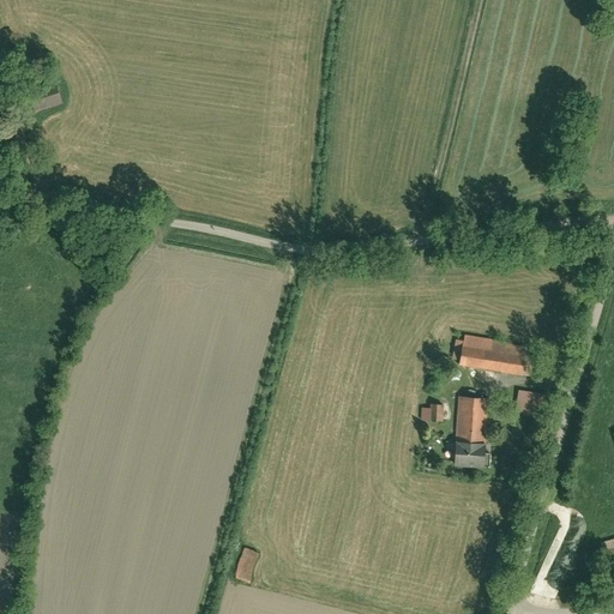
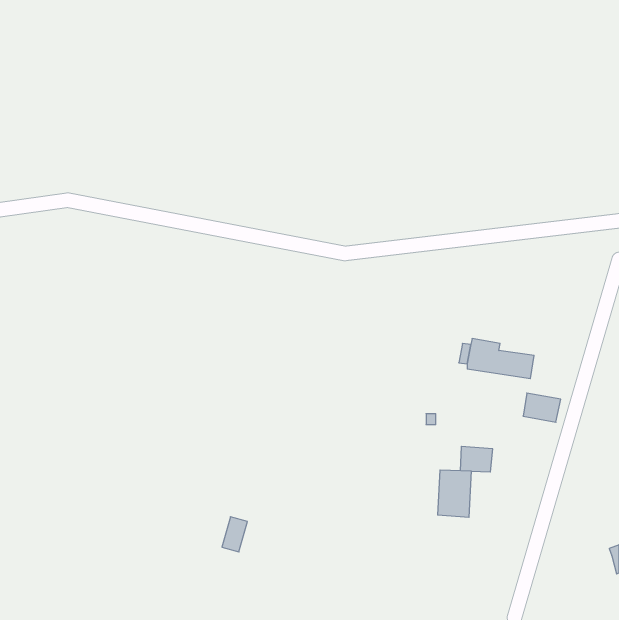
building: [456,397,489,444] -> [438,470,471,517]
building: [235,547,260,582] -> [222,517,247,552]

